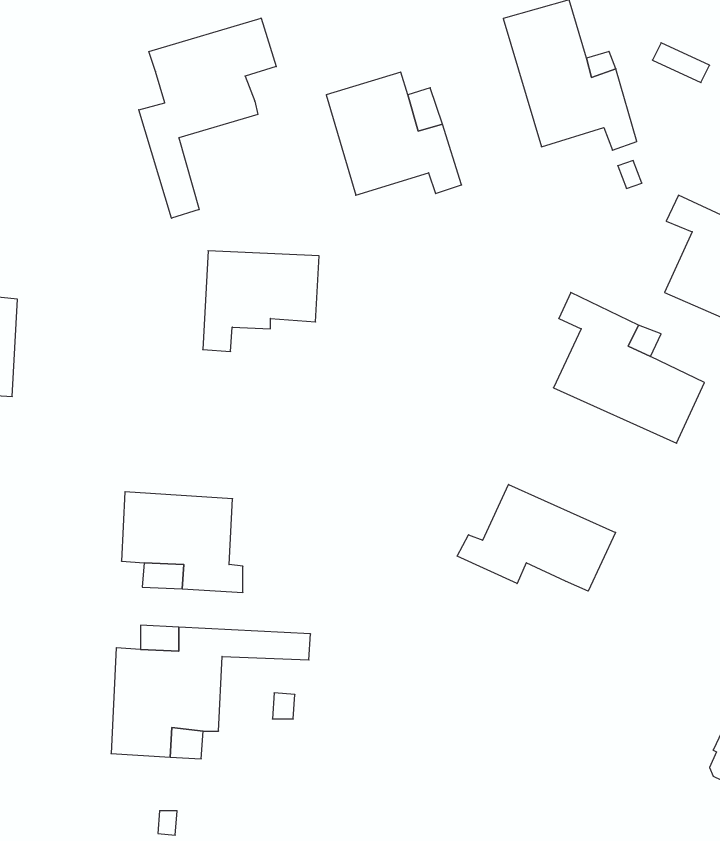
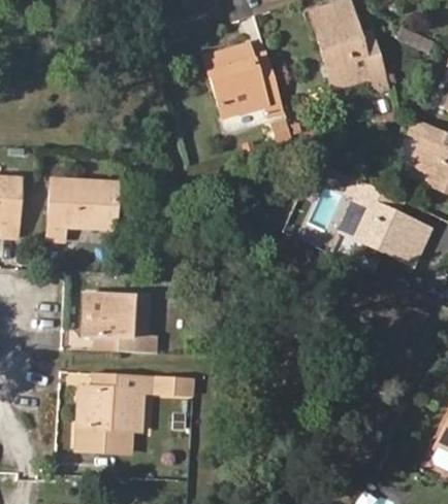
building: [139,18,276,218] -> none
building: [203,251,319,351] -> [47,179,117,239]
building: [457,484,616,591] -> none

